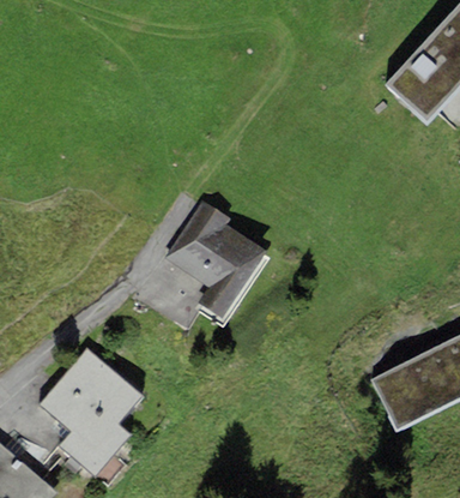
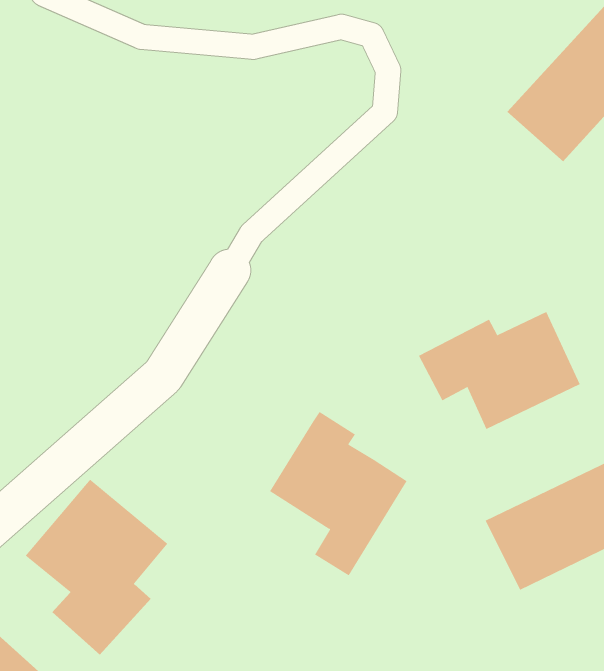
building: [167,202,266,320] -> [269,411,408,576]
building: none -> [418,311,581,430]

